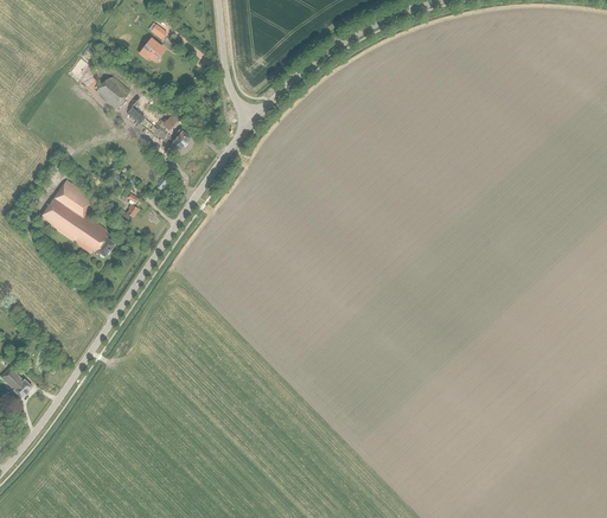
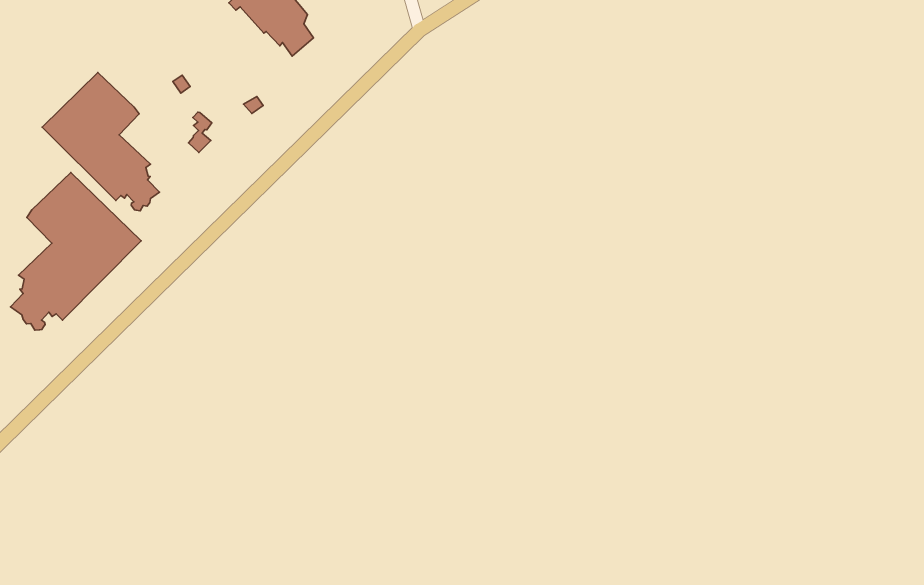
building: none -> [11,173,141,330]

